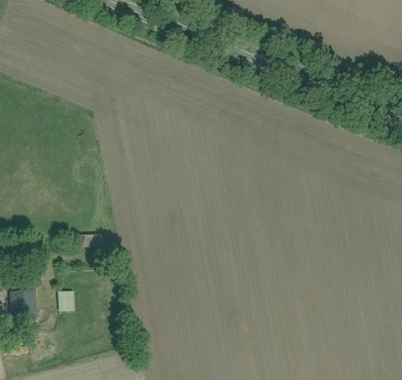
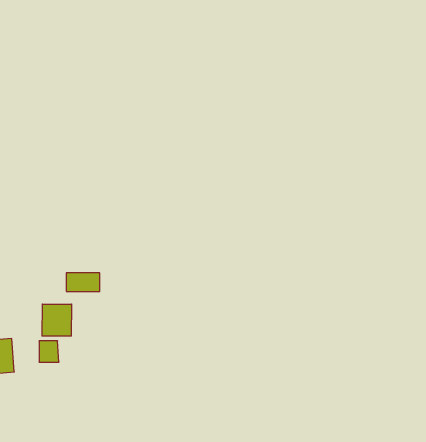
building: none -> [42,304,72,336]

